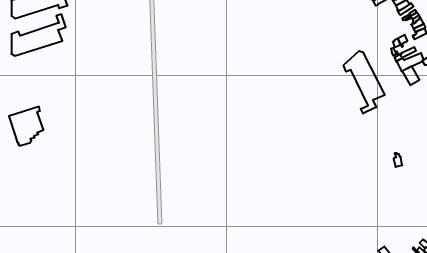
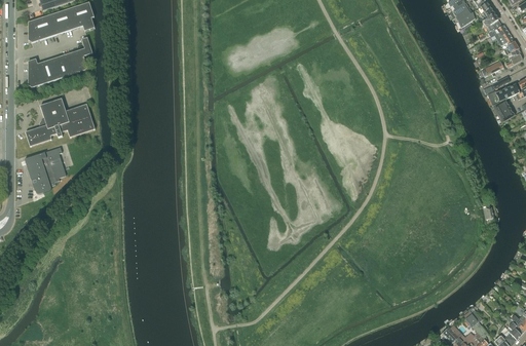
building: [344,51,385,114] -> none
building: none -> [26,98,95,146]

